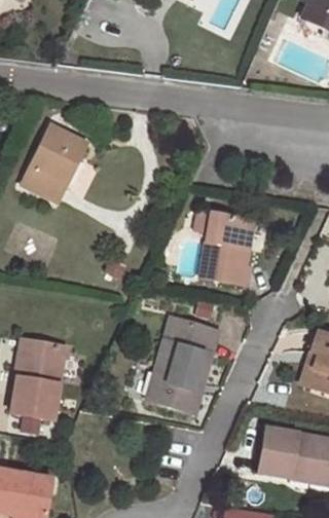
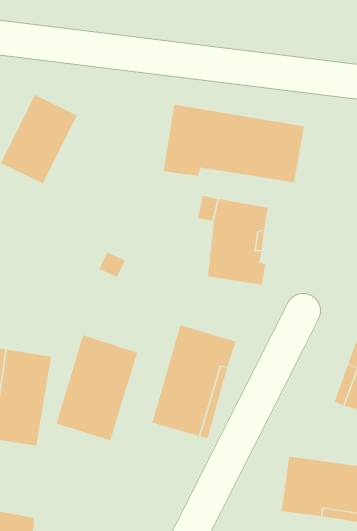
building: none -> [163,104,305,183]
building: none -> [56,335,138,441]

